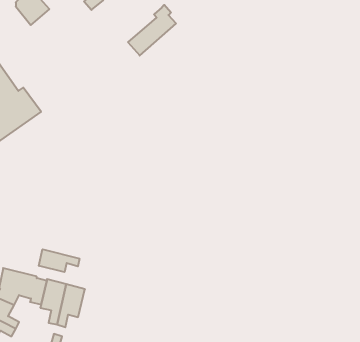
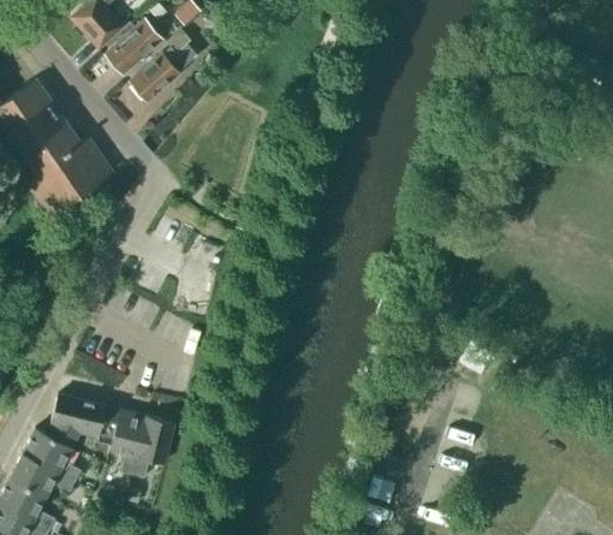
building: [128,5,176,56] -> [129,30,197,102]
building: none -> [105,20,162,75]
building: [39,249,79,272] -> none

